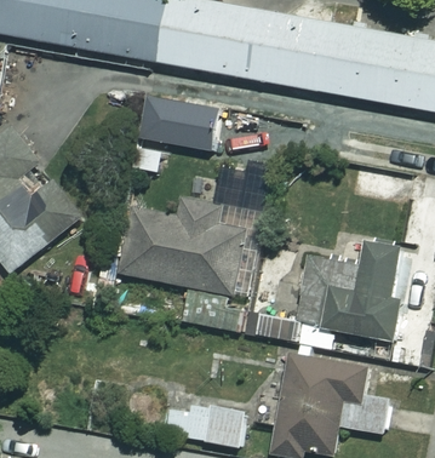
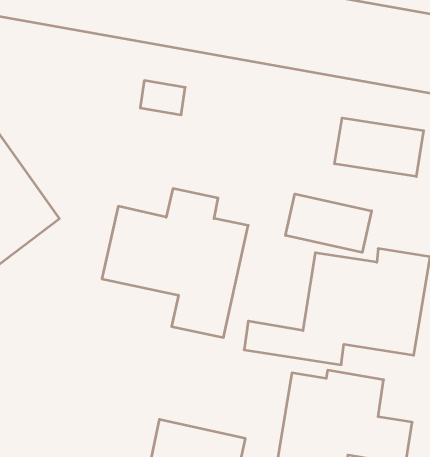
building: none -> [335,118,424,177]
building: none -> [286,194,372,252]

